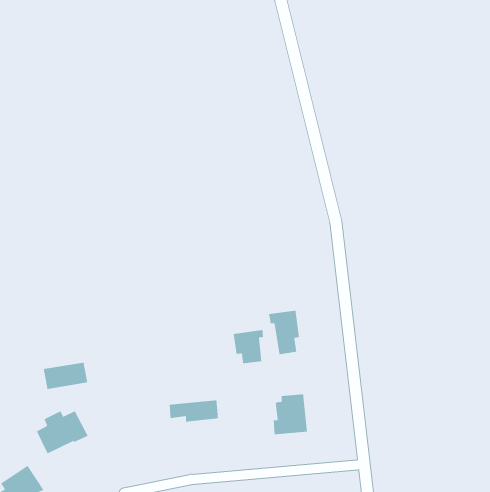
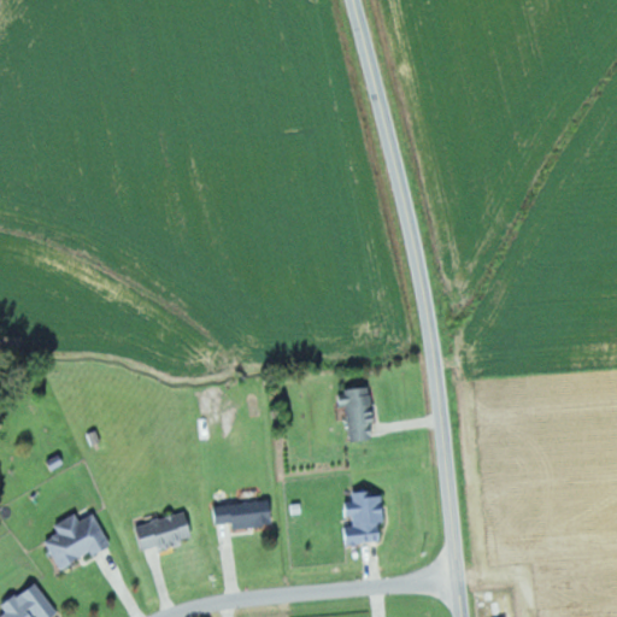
building: [233,329,264,364] -> none
building: [43,362,88,390] -> [136,513,193,548]

